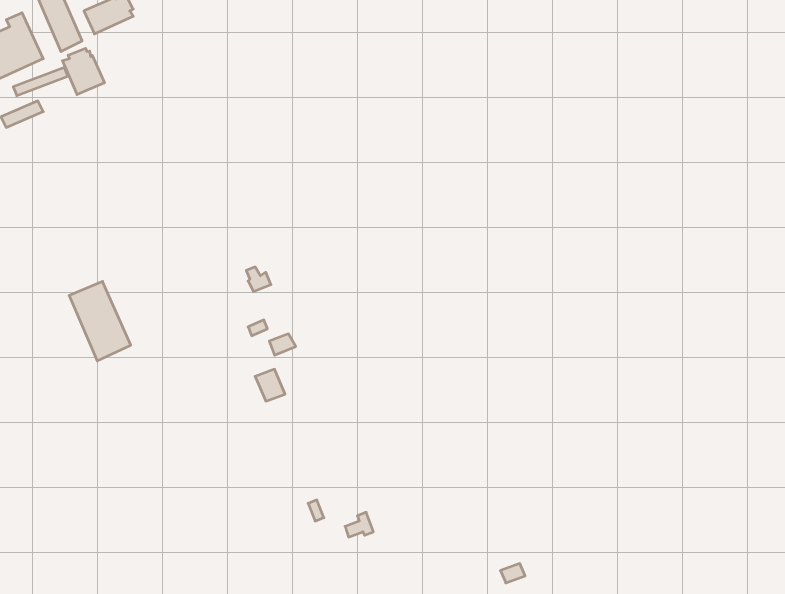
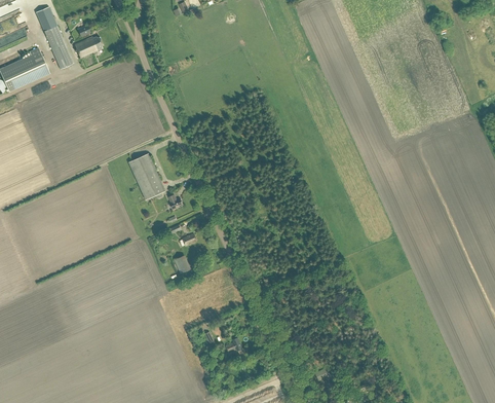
building: [62,48,104,95] -> none
building: [69,281,131,361] -> [128,152,164,198]

